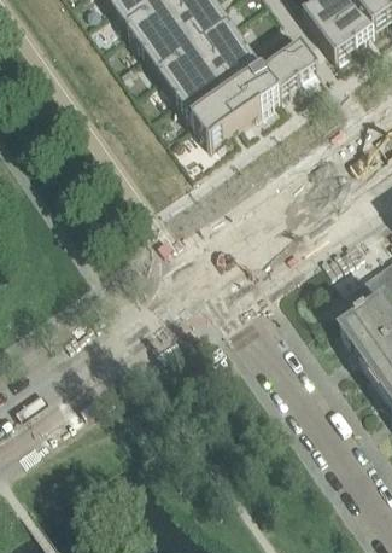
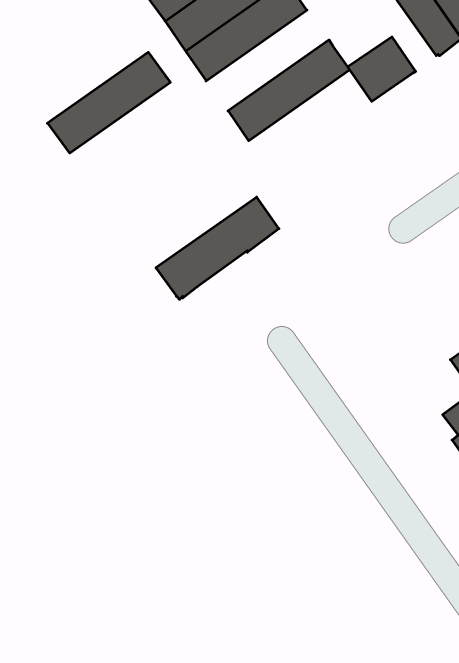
building: [159,17,253,94] -> [47,52,170,153]
building: [192,63,286,141] -> [156,197,279,299]

